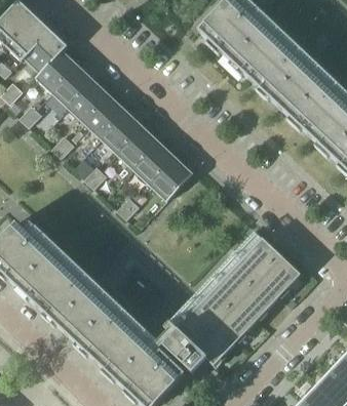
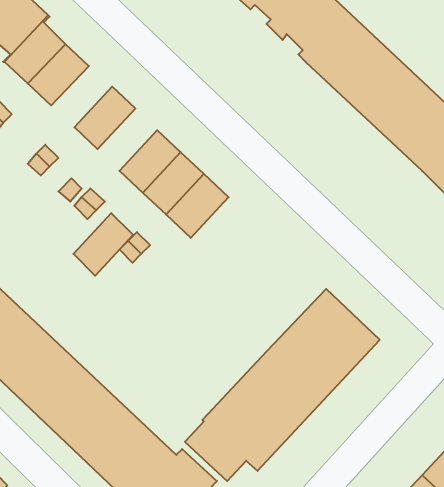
building: [68,80,111,123] -> none
building: [101,110,143,154] -> [73,213,133,276]

